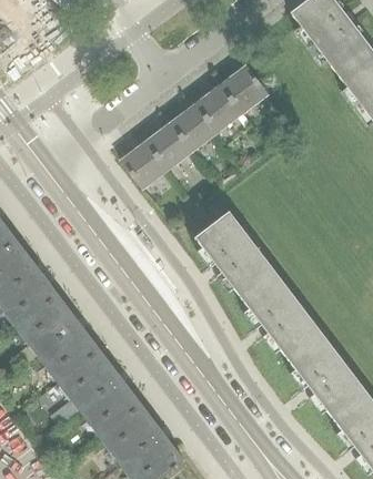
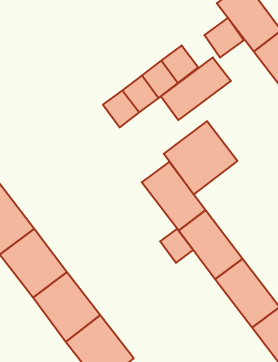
building: none -> [204,18,244,58]
building: none -> [161,57,231,120]
building: [121,140,168,187] -> none
building: none -> [164,121,237,195]
building: none -> [160,229,193,263]

